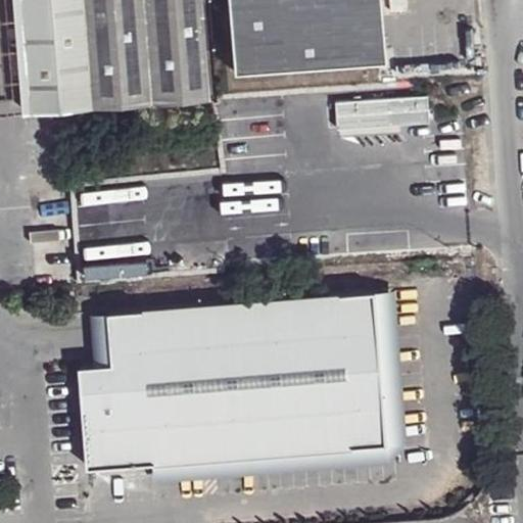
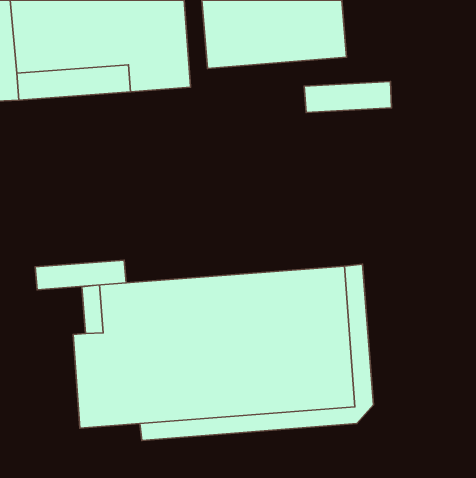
building: none -> [35,260,126,290]

